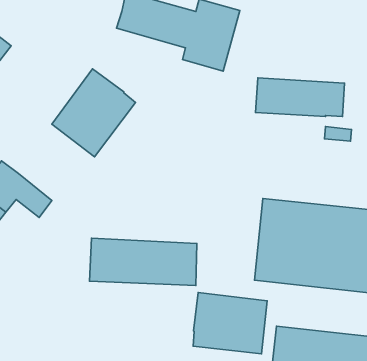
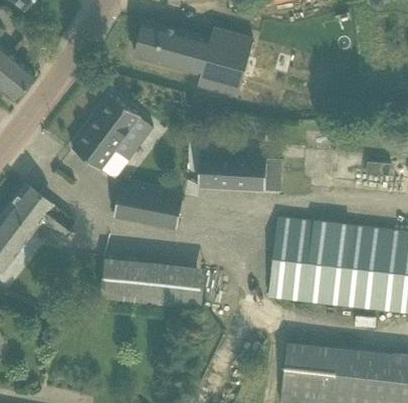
building: [256,78,344,117] -> [197,155,282,192]
building: none -> [113,184,182,229]
building: [193,293,267,354] -> none

